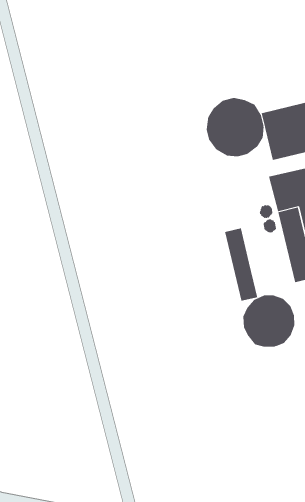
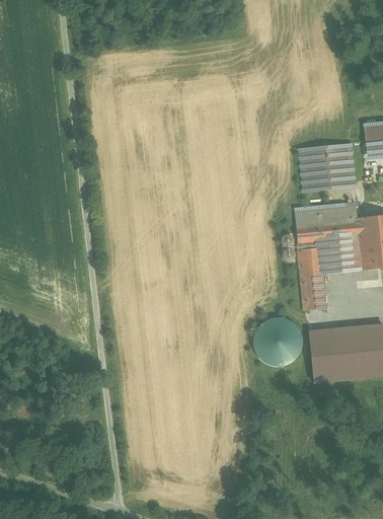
building: [206,97,264,157] -> none
building: [225,228,258,301] -> none

